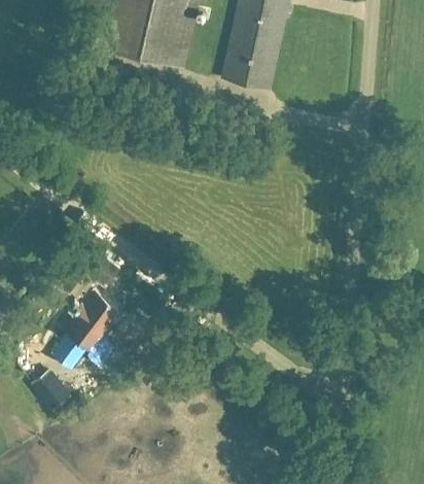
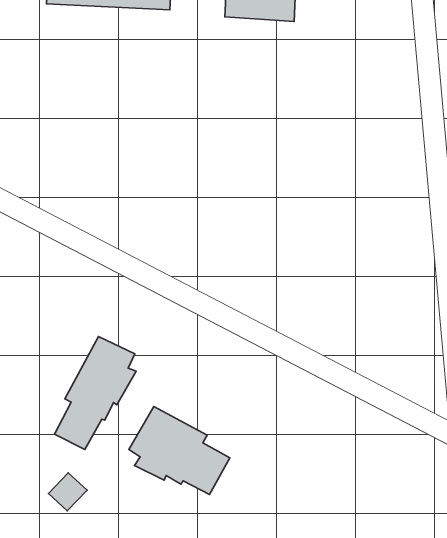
building: none -> [129,406,230,495]

